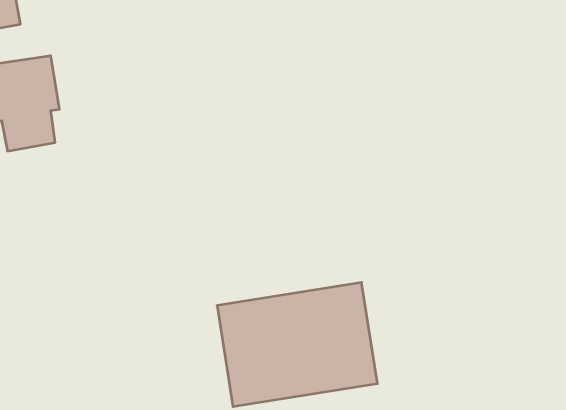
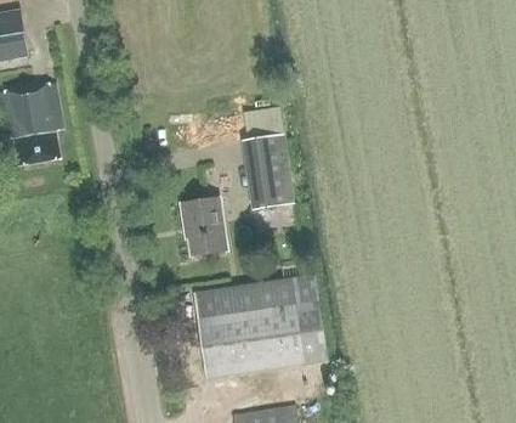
building: none -> [242,134,296,209]
building: none -> [180,197,226,254]

